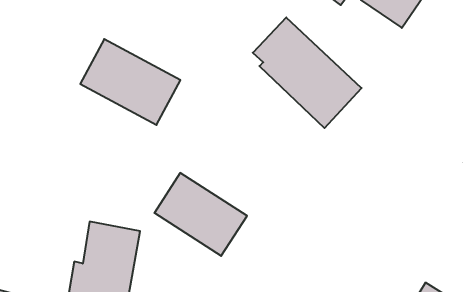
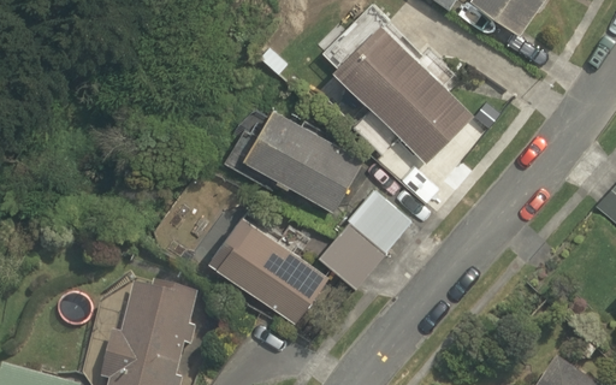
building: [80,39,180,125] -> [235,103,361,212]
building: none -> [315,184,411,286]

